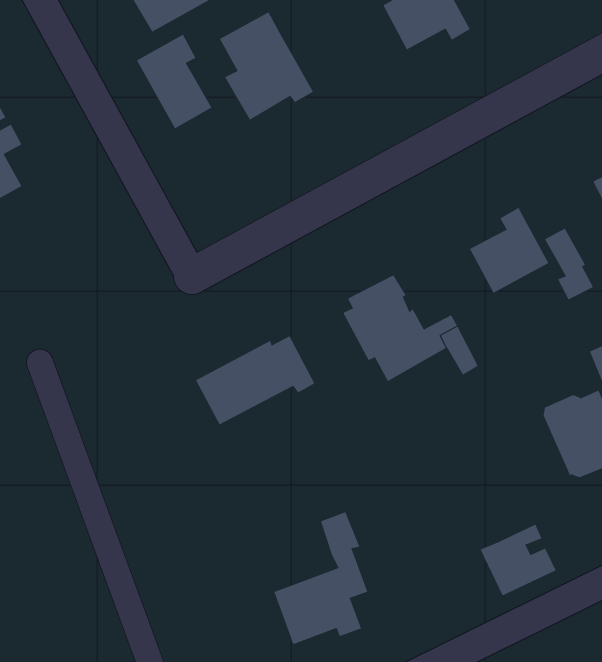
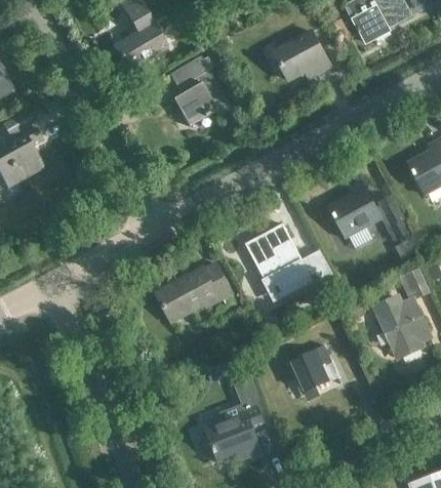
building: [136,34,212,129] -> none
building: [480,524,557,596] -> [288,345,337,392]

